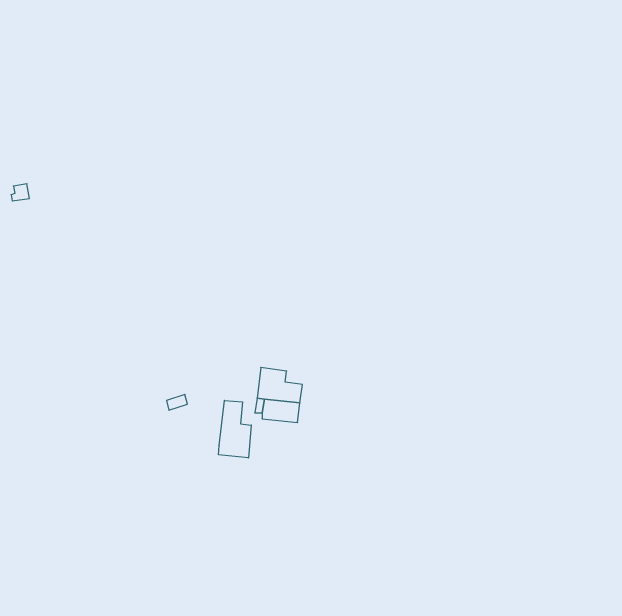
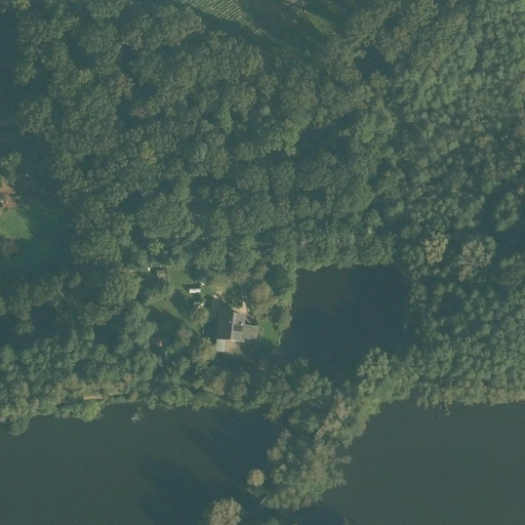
building: [219,400,251,458] -> none

